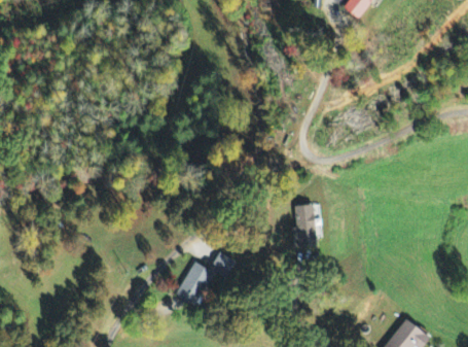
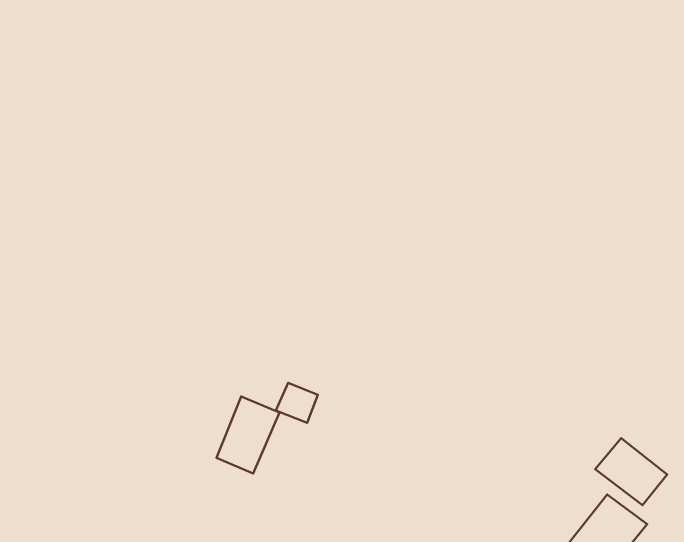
building: [293,205,314,246] -> none
building: none -> [595,438,667,505]

